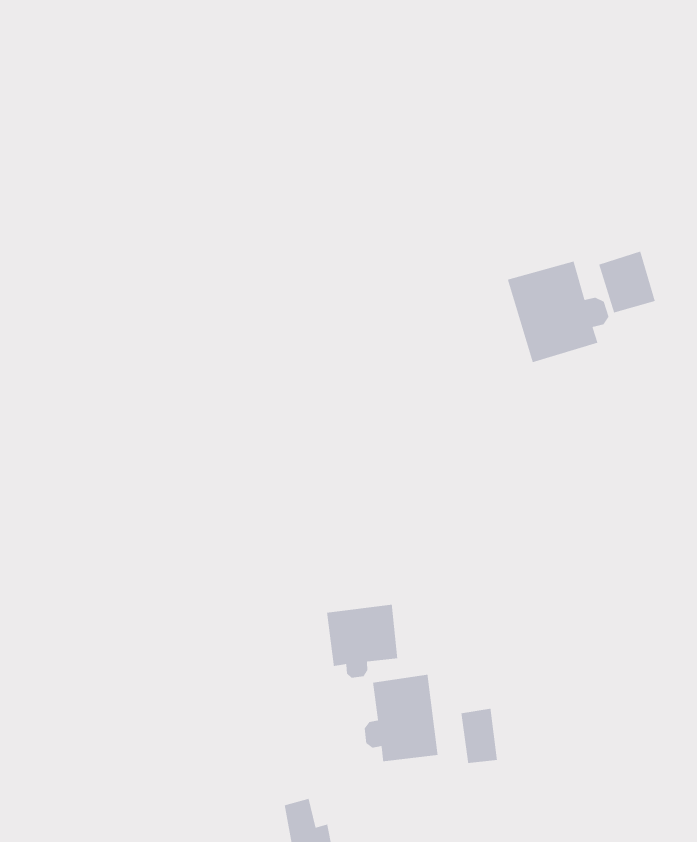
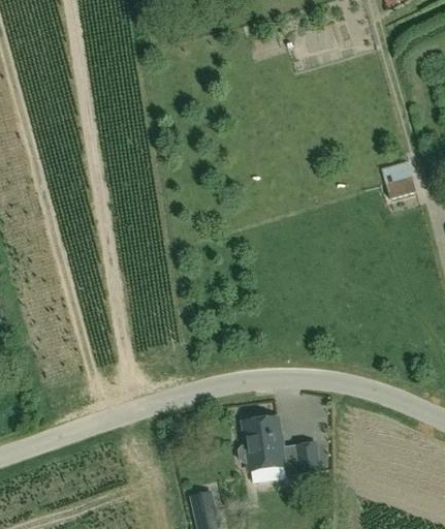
building: [507,261,609,363] -> none
building: [326,604,398,679] -> none

